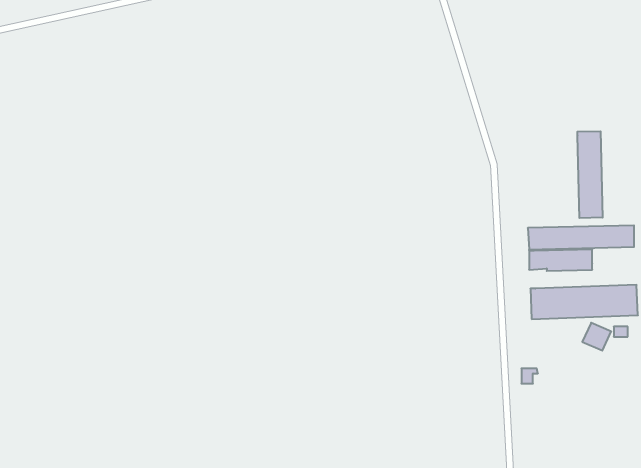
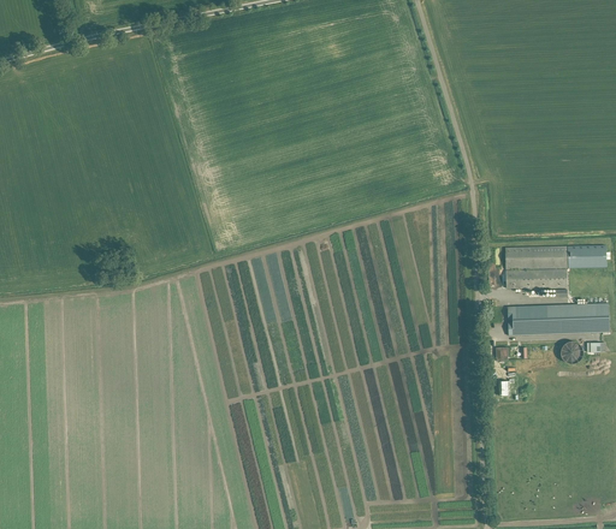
building: [577,131,603,218] -> none

